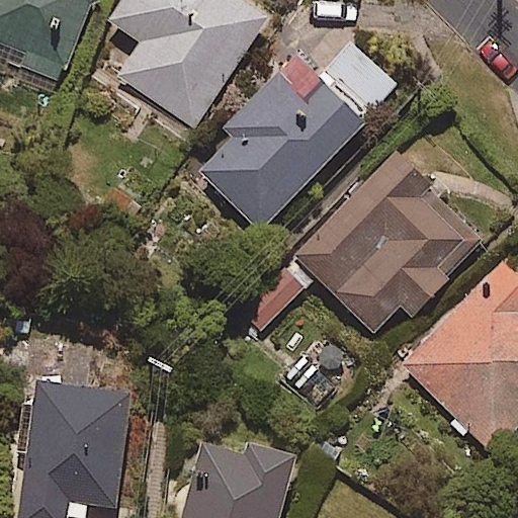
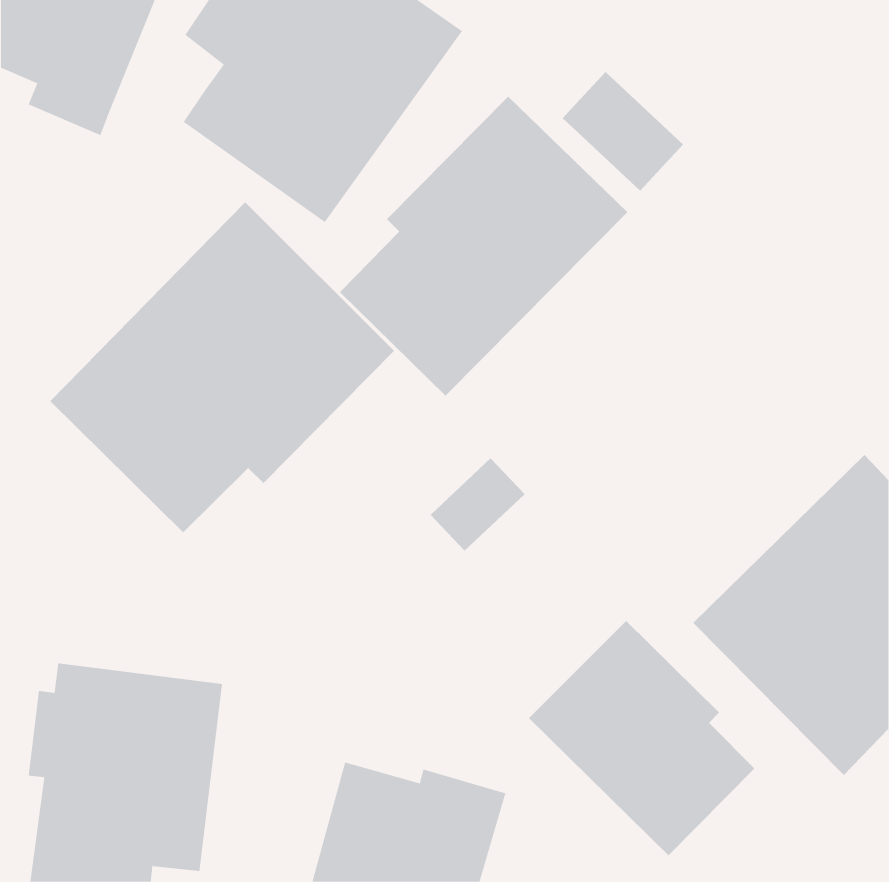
building: none -> [50,202,395,533]
building: [294,154,481,333] -> none
building: none -> [528,620,755,856]

